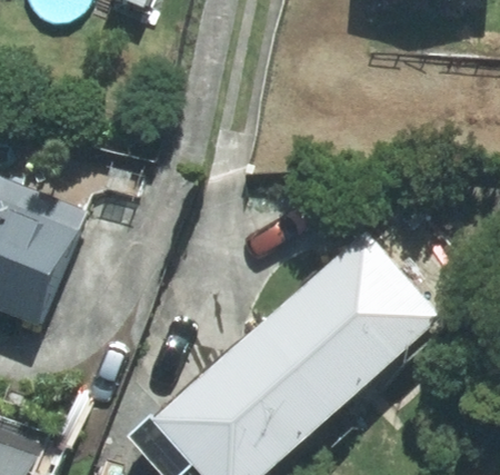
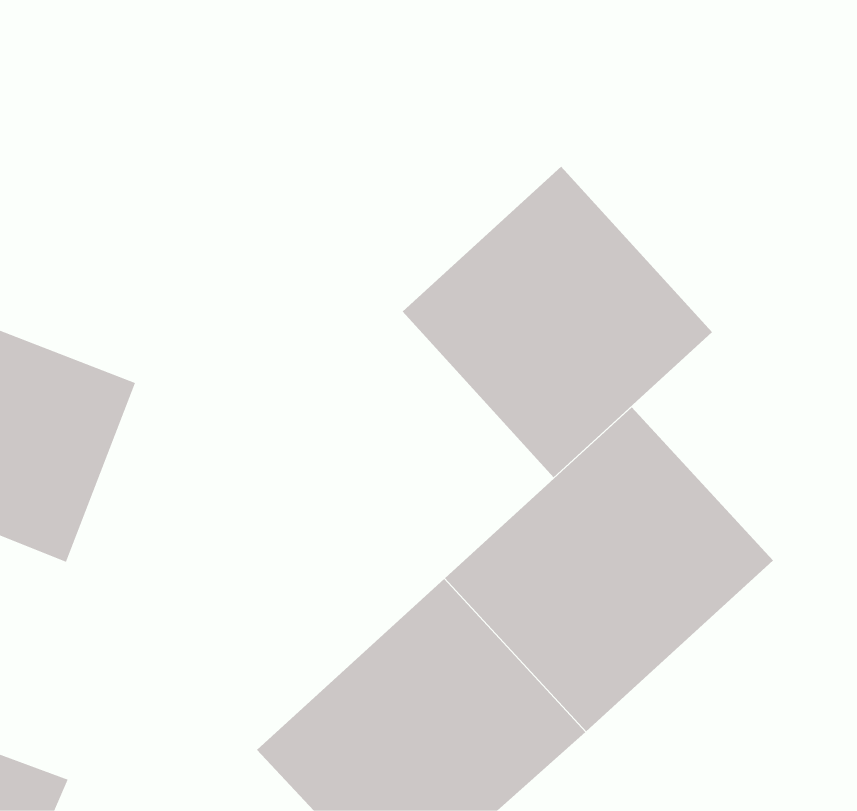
building: none -> [402,166,713,478]

